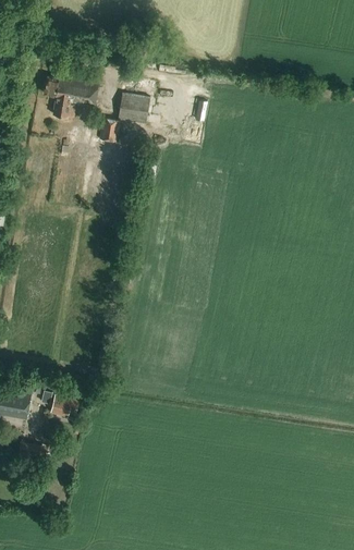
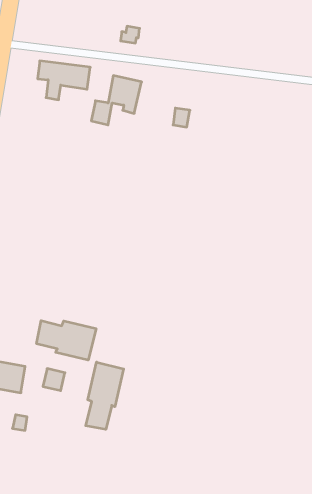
building: none -> [37,321,96,360]
building: none -> [86,362,124,429]

